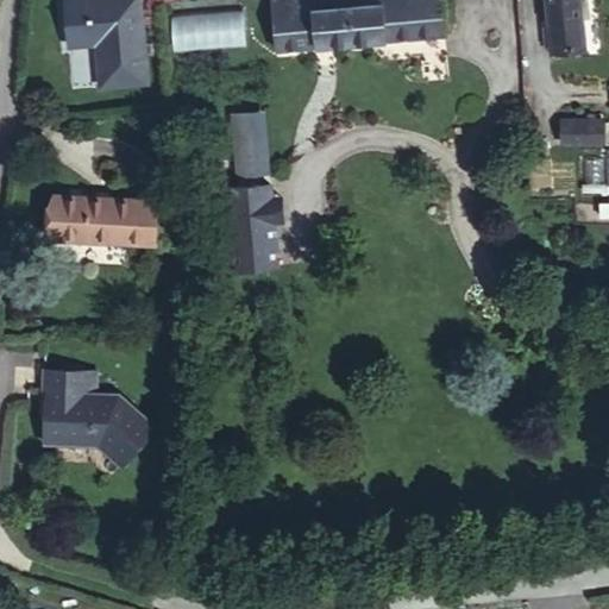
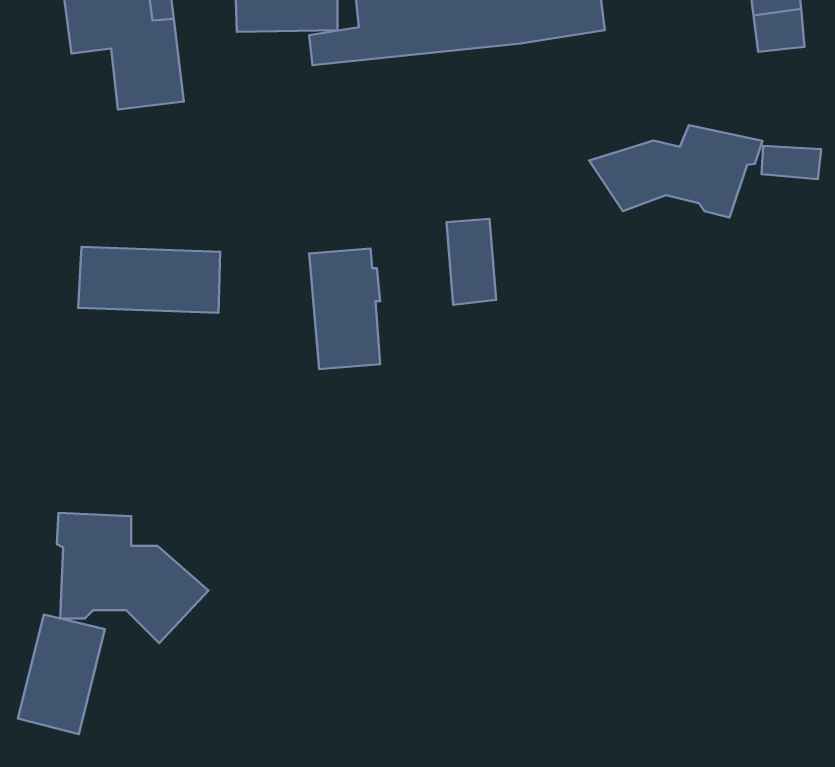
building: none -> [589,125,762,217]
building: [234,118,270,180] -> [447,219,496,305]
building: none -> [18,615,105,734]

